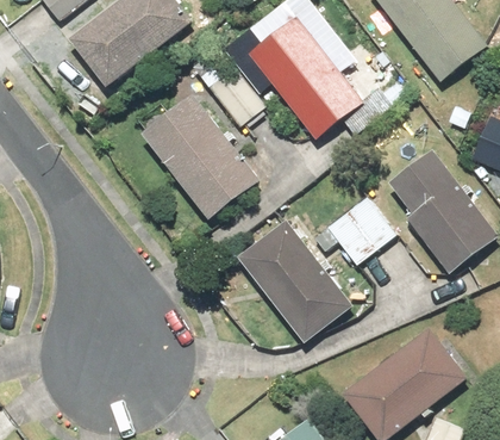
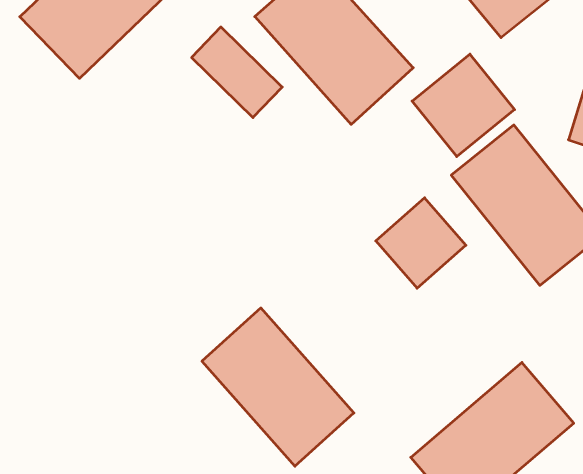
building: none -> [412,54,515,157]
building: [131,98,258,217] -> none
building: [242,217,354,339] -> [202,308,354,466]

